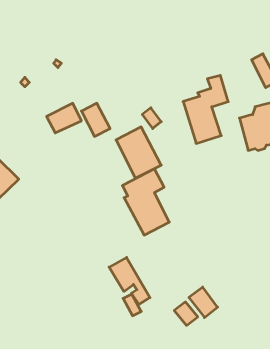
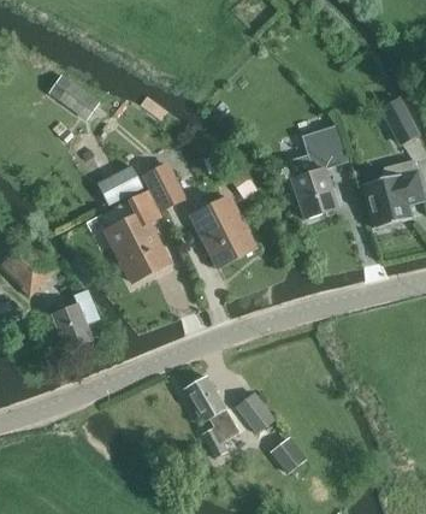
building: none -> [48,73,99,118]
building: [122,169,169,235] -> [103,190,168,282]
building: none -> [52,290,100,350]
building: [189,287,218,318] -> [235,392,274,435]

